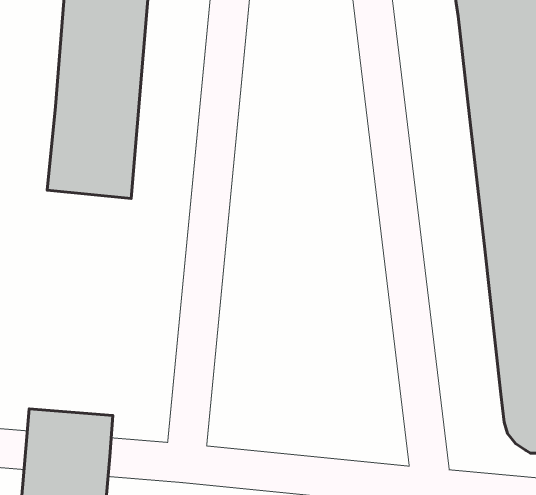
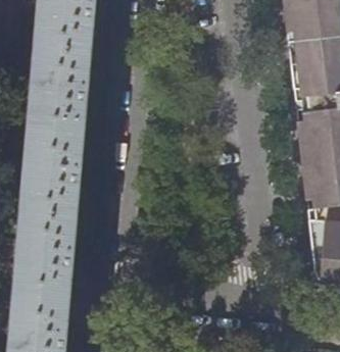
building: none -> [19,125,83,265]

